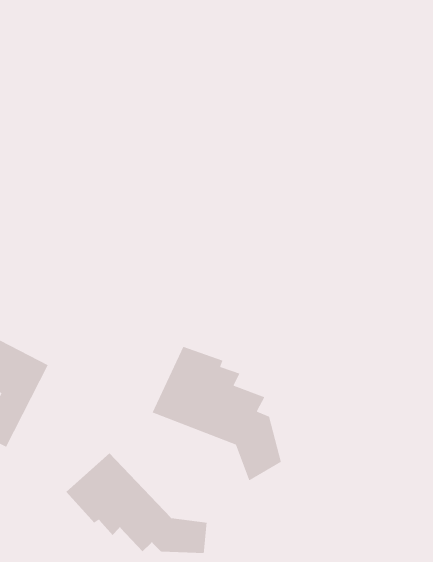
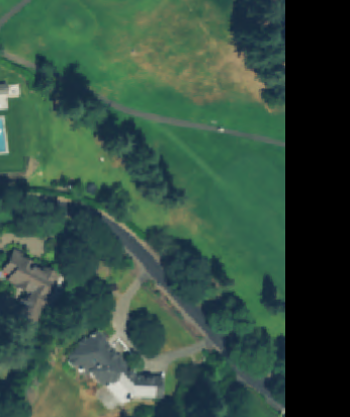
building: [152,346,282,481] -> none

